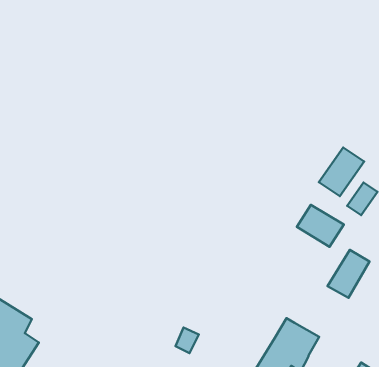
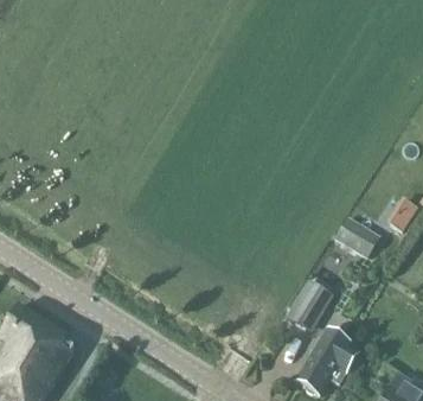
building: [319,147,364,196] -> none
building: [327,250,370,298] -> [284,282,327,331]

